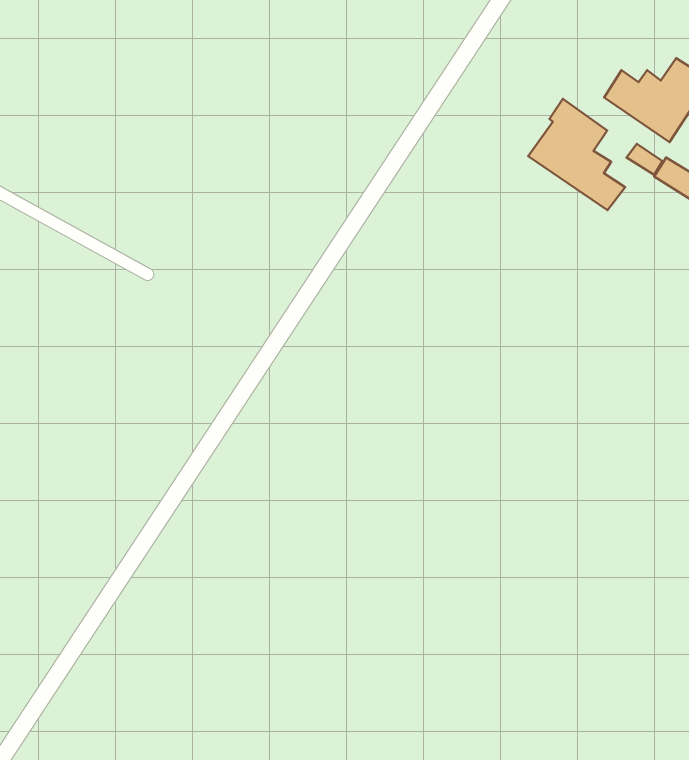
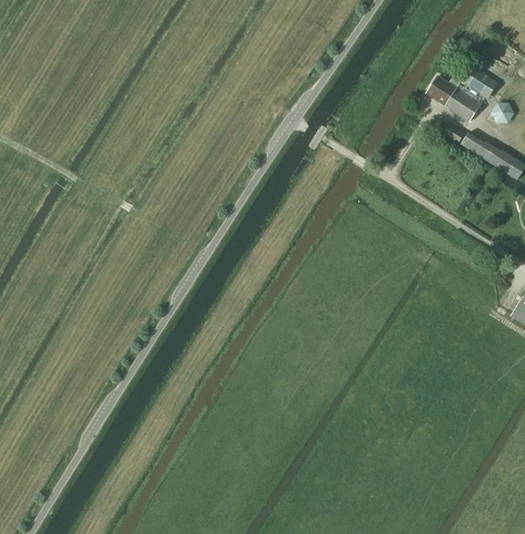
building: [528,99,625,210] -> none

